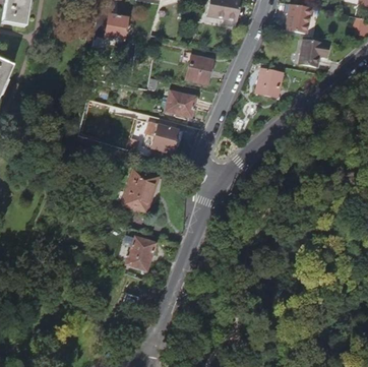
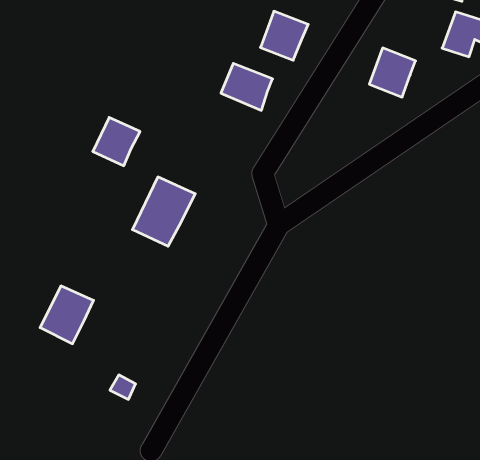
building: [151,124,179,152] -> [93,117,140,166]
building: [126,236,157,270] -> [40,286,94,344]

